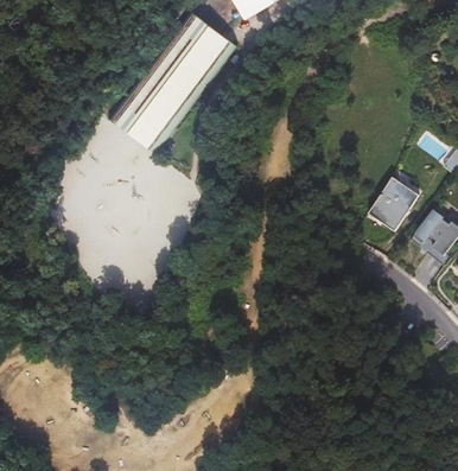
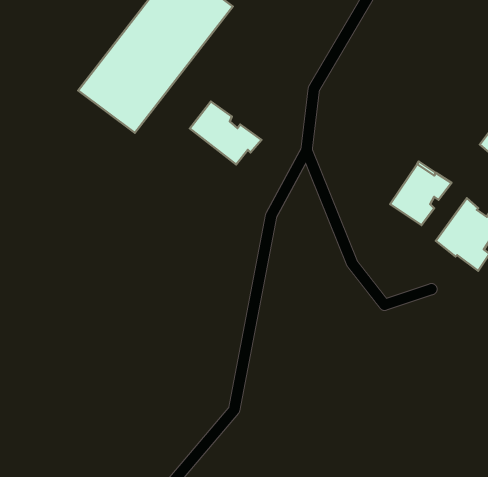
building: none -> [190,101,261,164]

